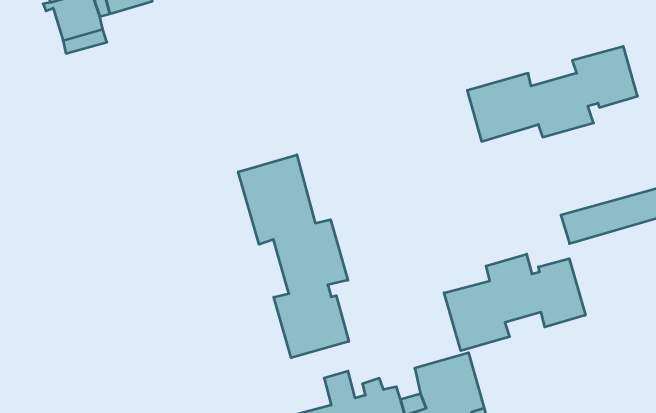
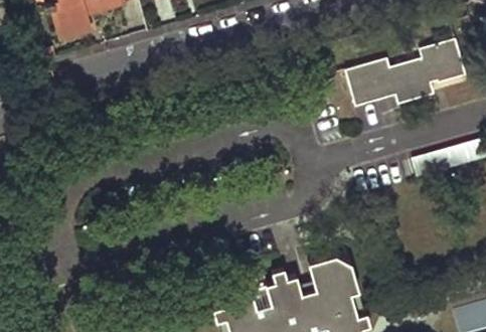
building: [238,155,349,358] -> none
building: [444,254,585,351] -> none

